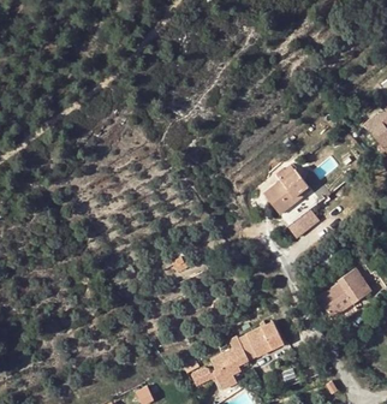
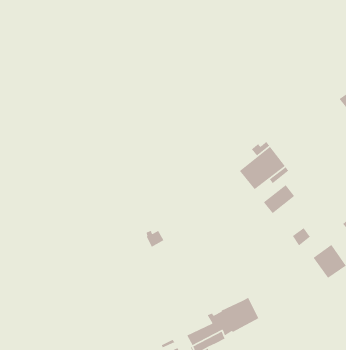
building: [316,283,352,319] -> none

